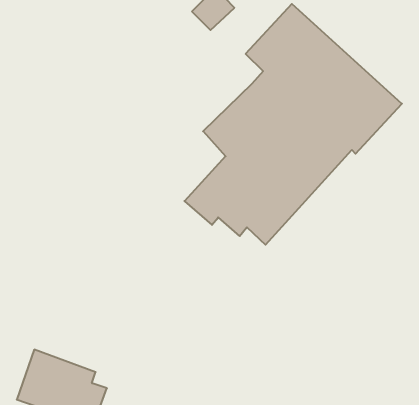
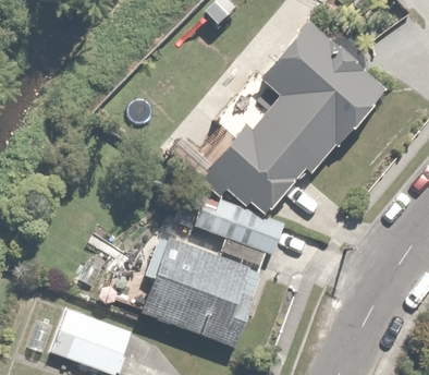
building: none -> [181,201,285,264]
building: none -> [146,244,263,347]

